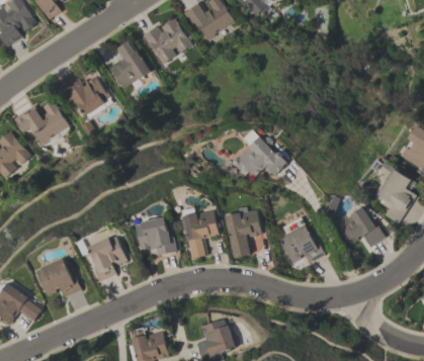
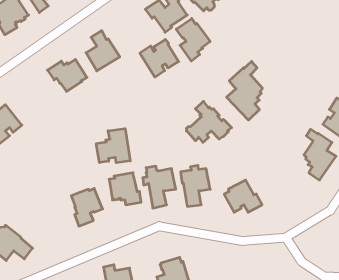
building: [143,18,190,65] -> [140,39,179,77]
building: none -> [176,18,210,61]
building: none -> [227,61,262,120]
building: [12,101,68,148] -> none
building: none -> [96,129,130,163]
building: [333,206,385,249] -> none
building: [37,256,82,297] -> none

